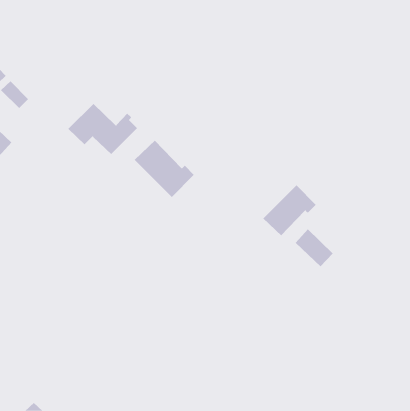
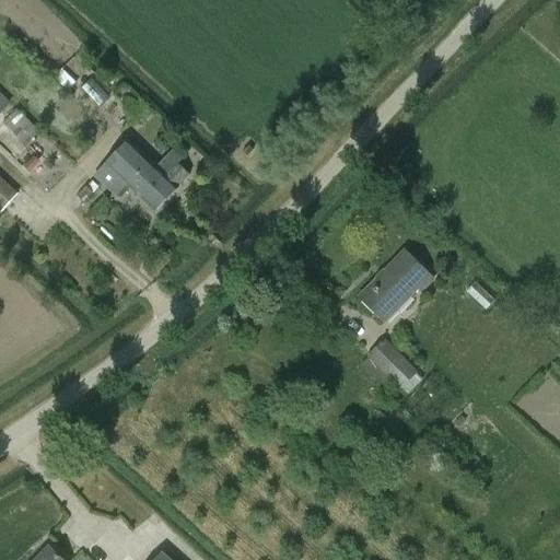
building: [134,140,195,198] -> none
building: [295,228,334,267] -> [363,337,416,389]

